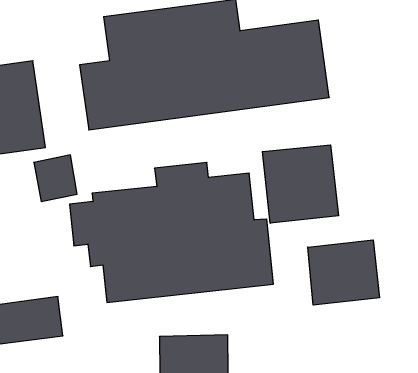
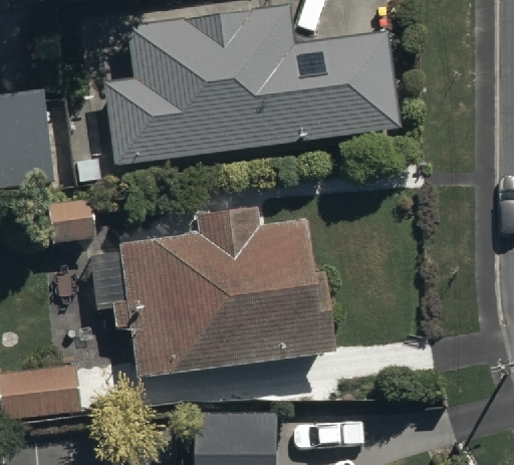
building: [262,145,338,223] -> none
building: [308,240,379,305] -> none

